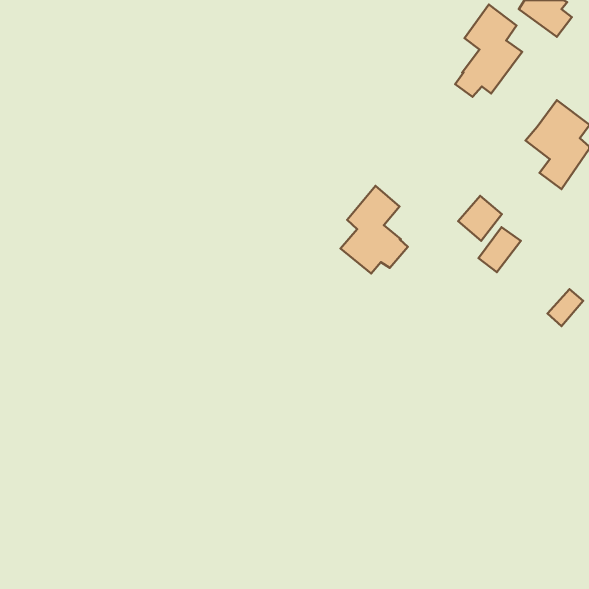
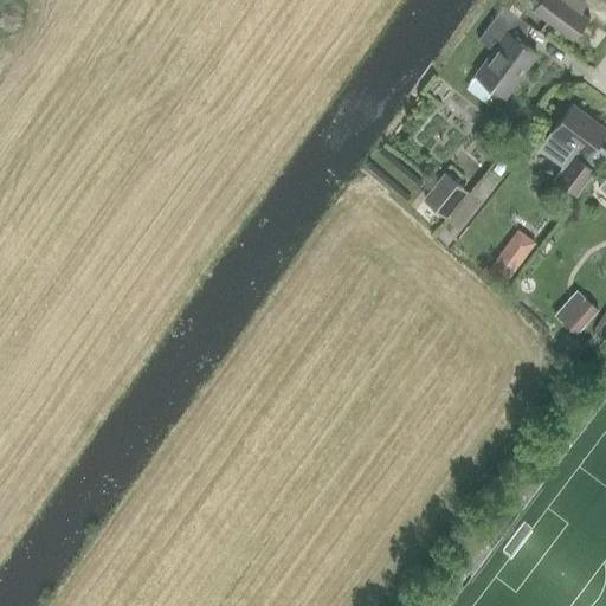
building: [341,186,408,274] -> none
building: [458,196,502,241] -> [423,172,468,218]

